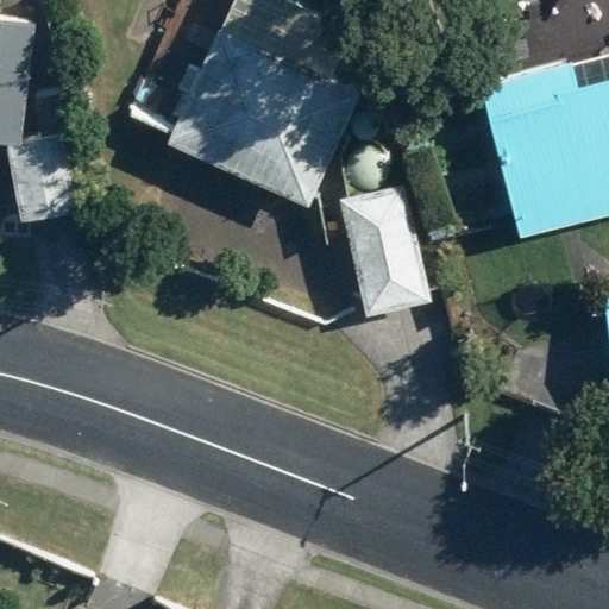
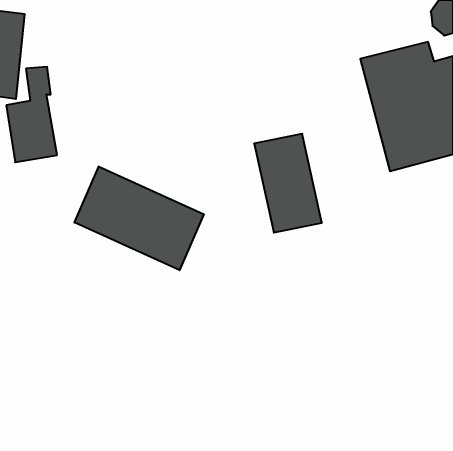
building: [167,27,358,203] -> none
building: none -> [74,166,204,270]

